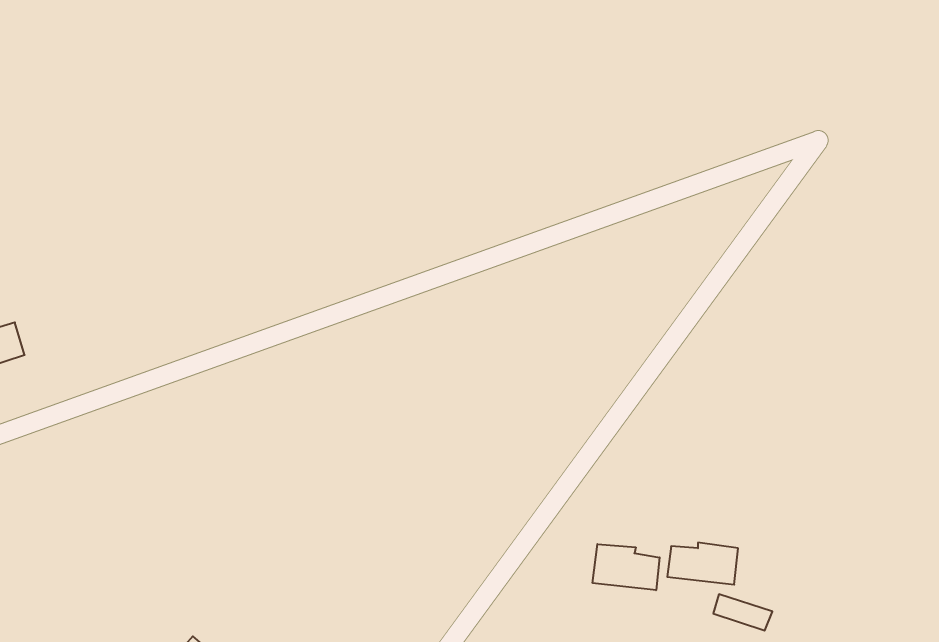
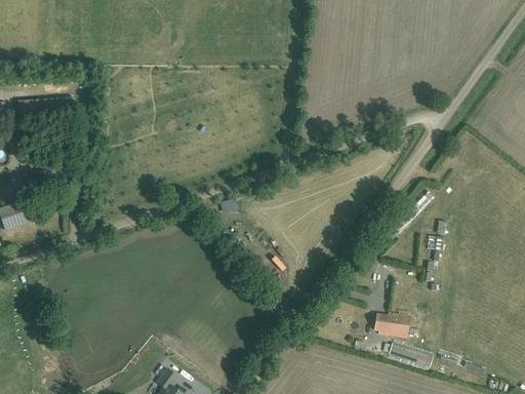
building: [593,544,660,590] -> none

